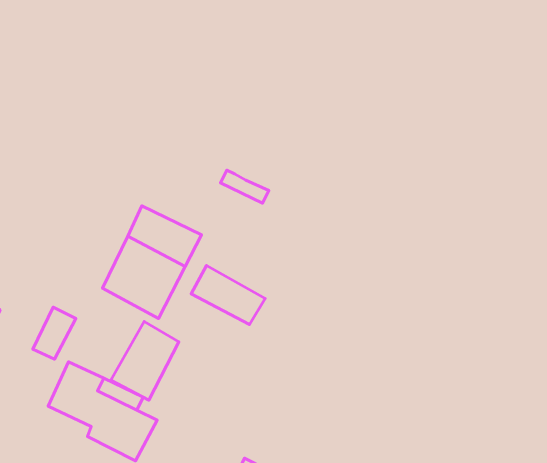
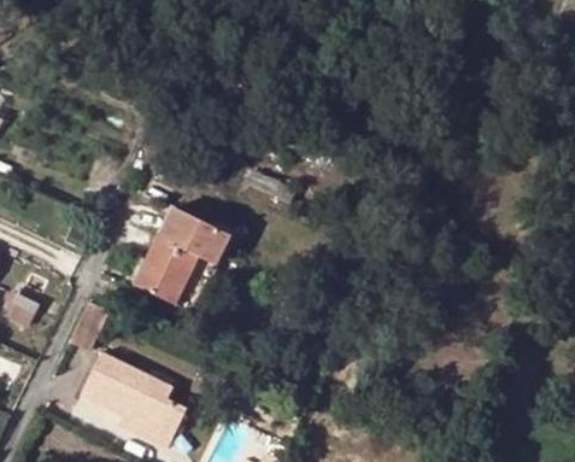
building: [191,265,265,324] -> none
building: [111,321,179,400] -> none

